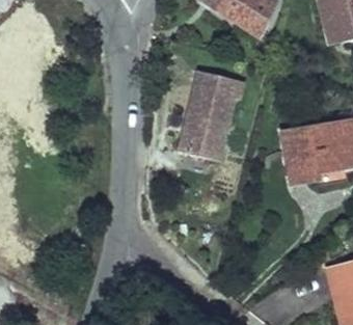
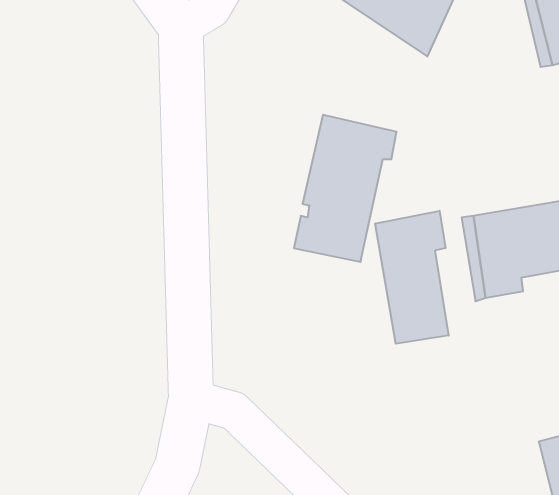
building: none -> [375,211,449,344]

